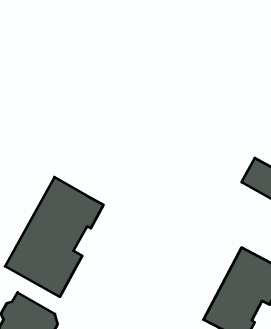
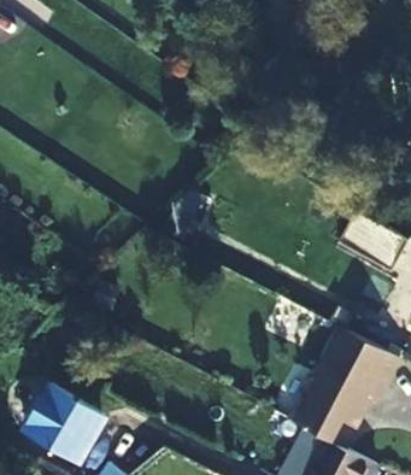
building: [5,177,103,297] -> none

